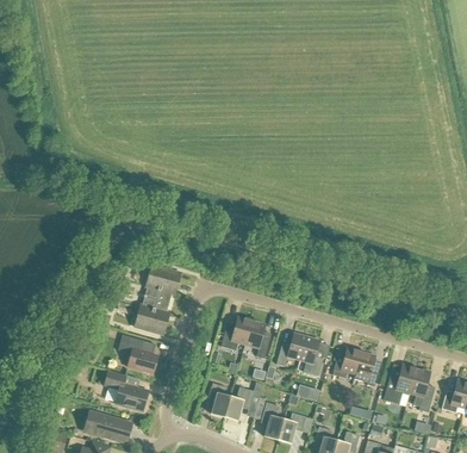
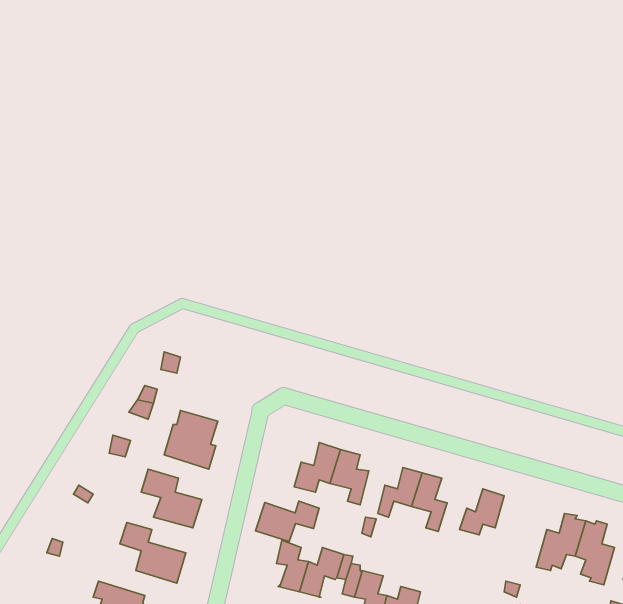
building: [144,263,181,302] -> none
building: [353,352,378,386] -> none
building: none -> [256,501,319,541]

